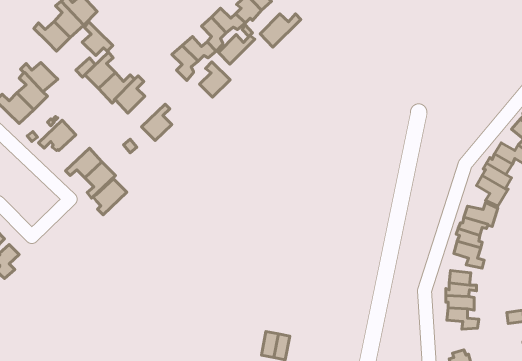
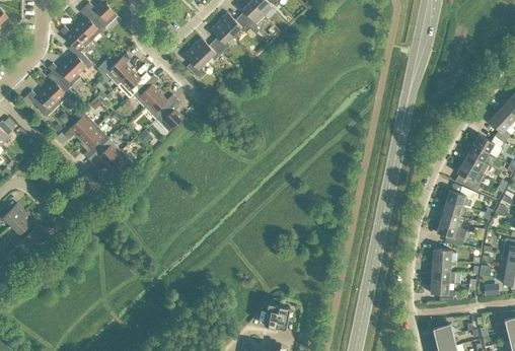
building: [260,14,301,47] -> none
building: [82,22,113,56] -> [66,45,93,75]
building: [218,34,255,64] -> none
building: [199,62,230,97] -> none
building: none -> [144,93,177,121]
building: [93,179,127,215] -> [79,128,109,160]

